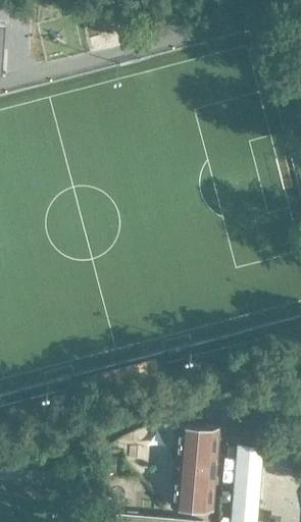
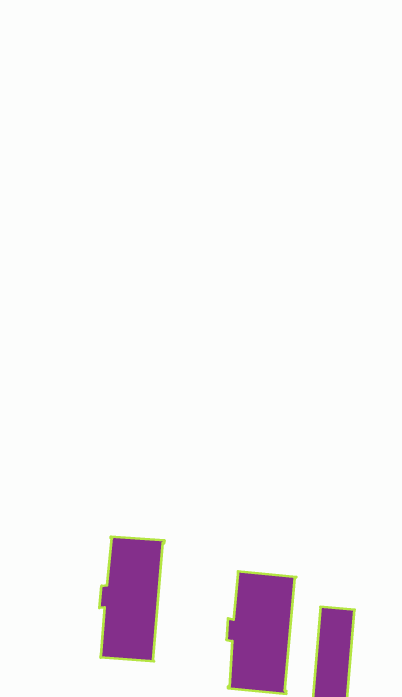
building: none -> [99,537,164,661]

